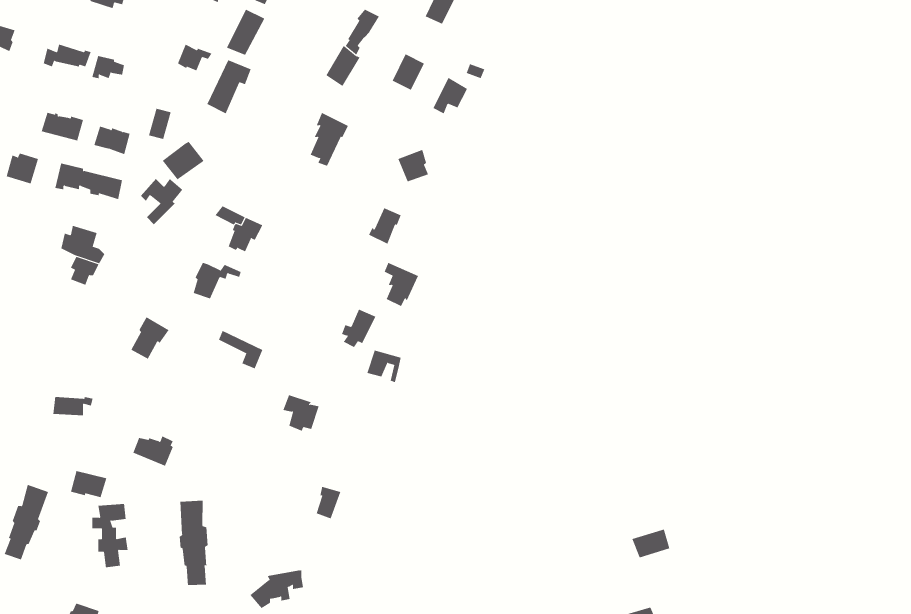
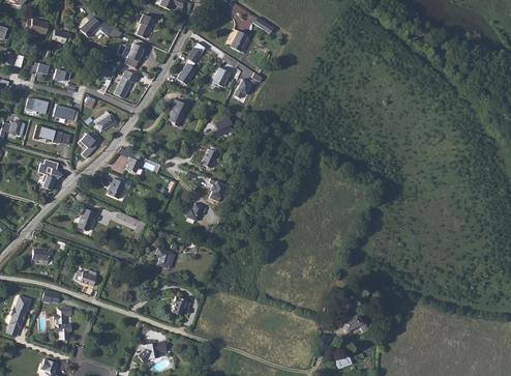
building: [179,500,208,586] -> none

